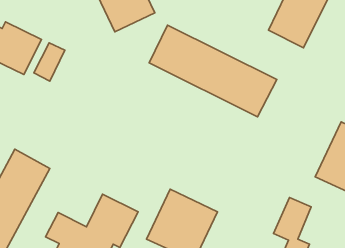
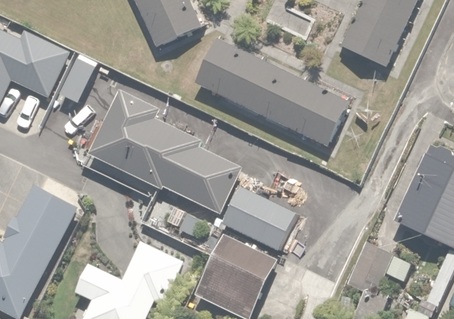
building: none -> [90,91,243,214]
building: none -> [224,187,296,249]

